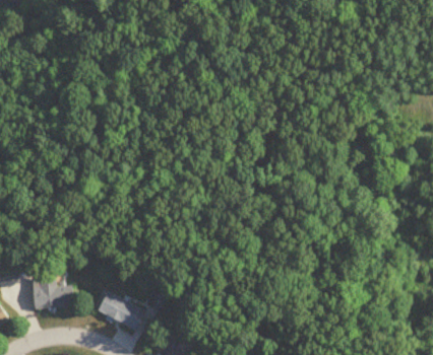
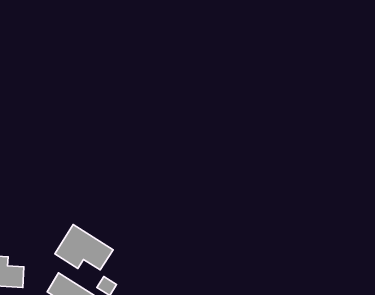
building: none -> [55,225,113,270]

